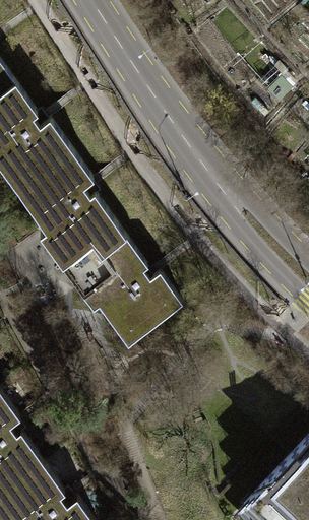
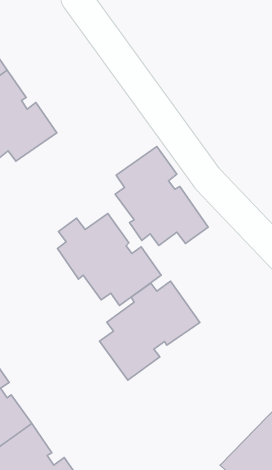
building: [25,154,125,260] -> [115,147,208,245]
building: none -> [100,281,200,380]

